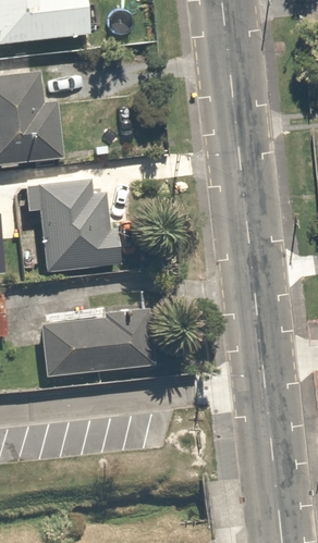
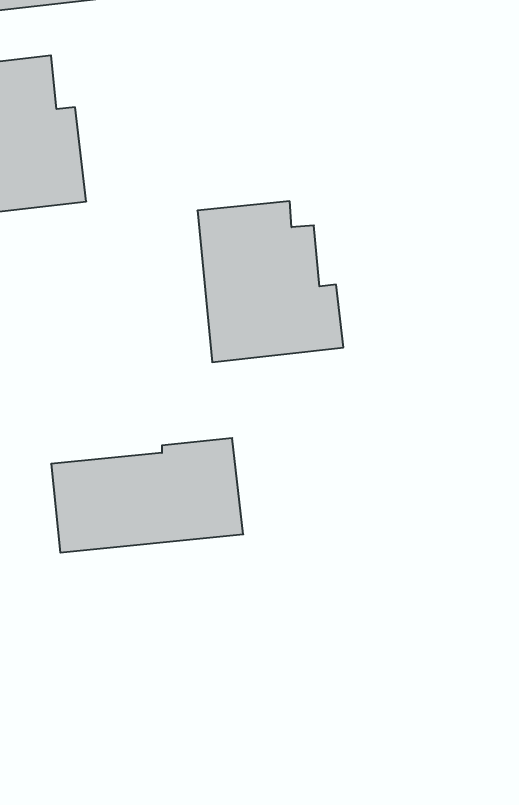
building: [37,175,123,270] -> [197,201,343,362]

